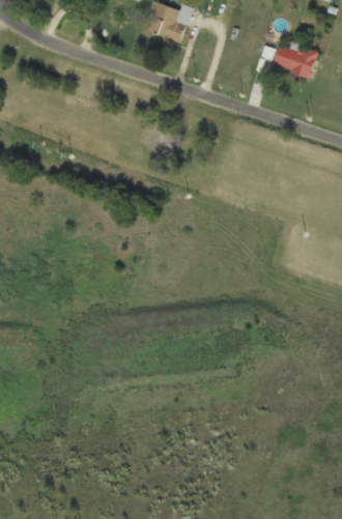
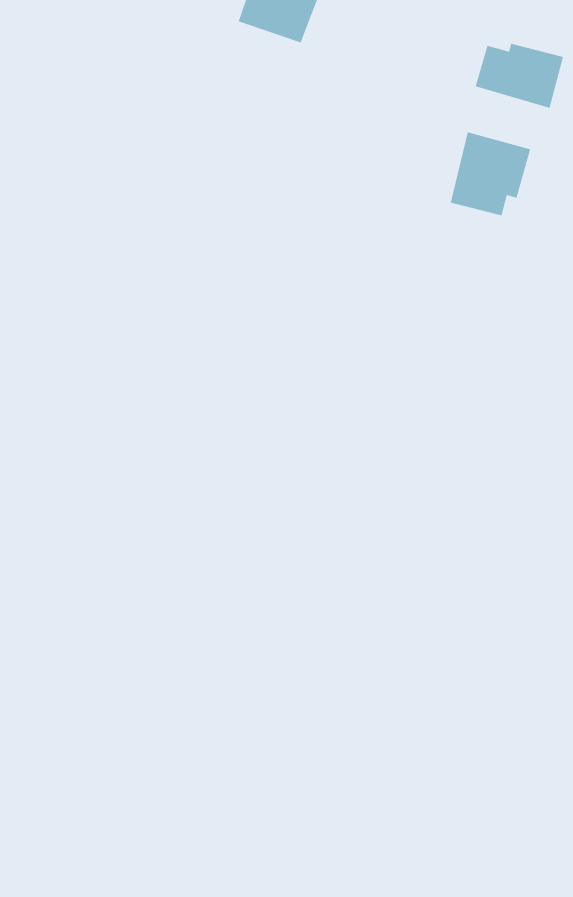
building: none -> [450,132,531,216]

